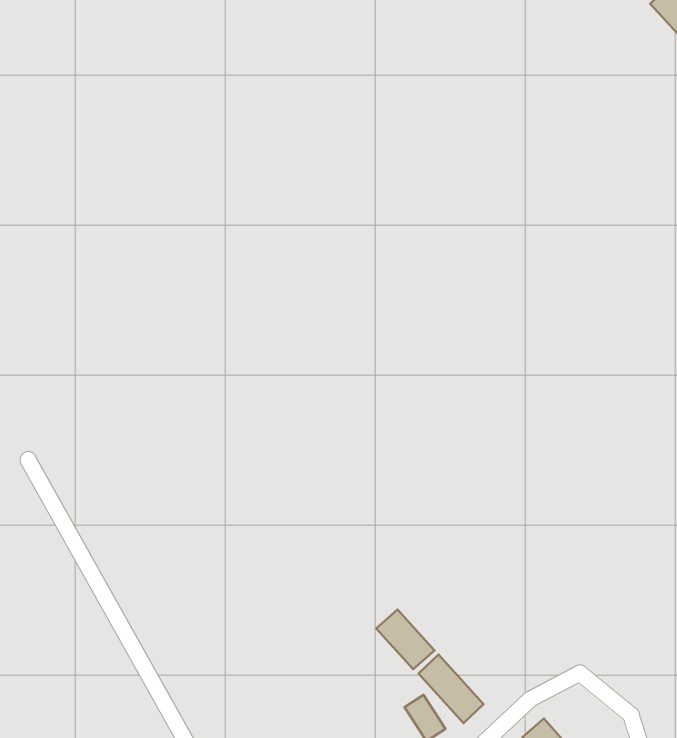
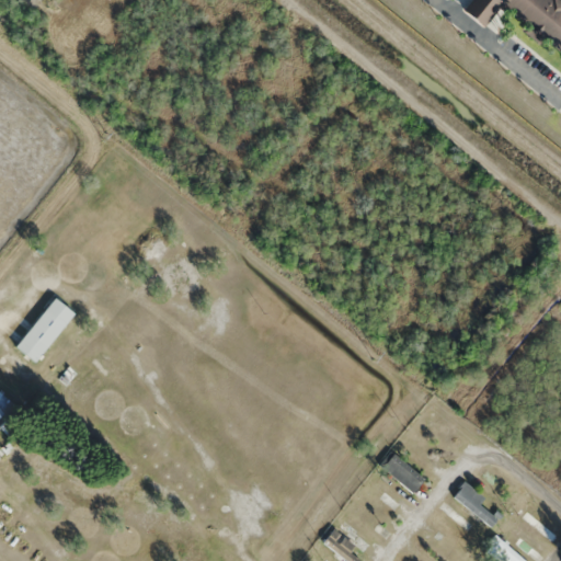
building: [376,610,435,669] -> none

